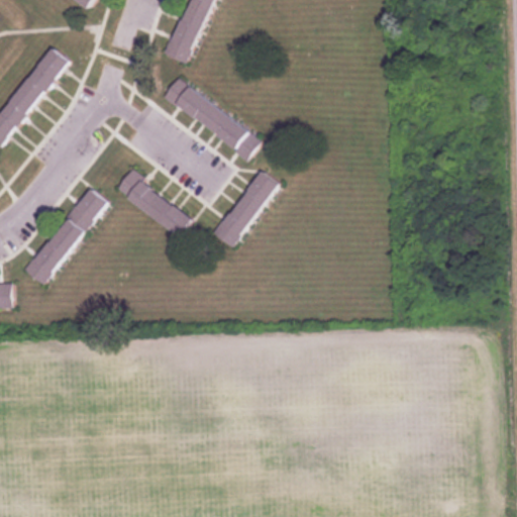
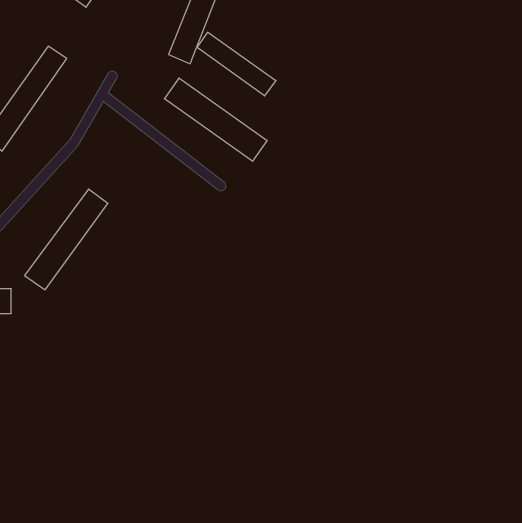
building: none -> [197,32,276,96]
building: [213,170,278,246] -> none
building: [115,171,192,235] -> none

